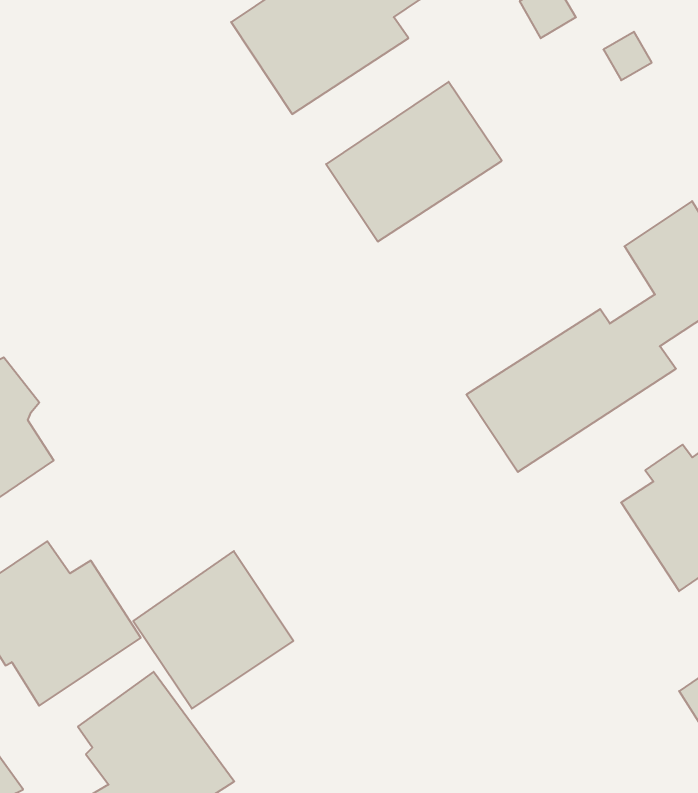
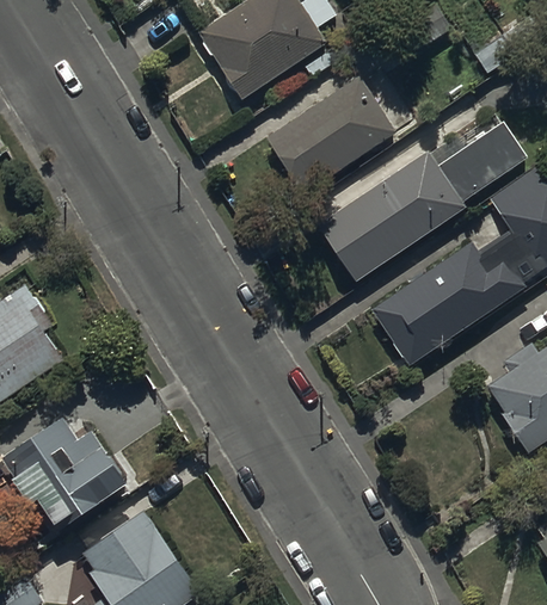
building: none -> [318,119,529,280]
building: [133,551,293,709] -> none

